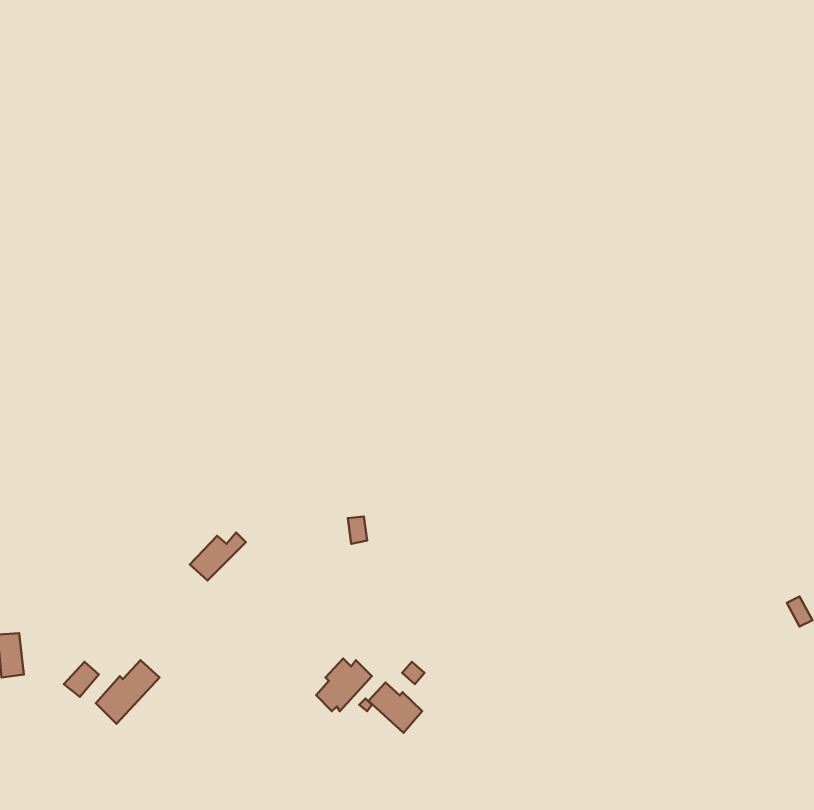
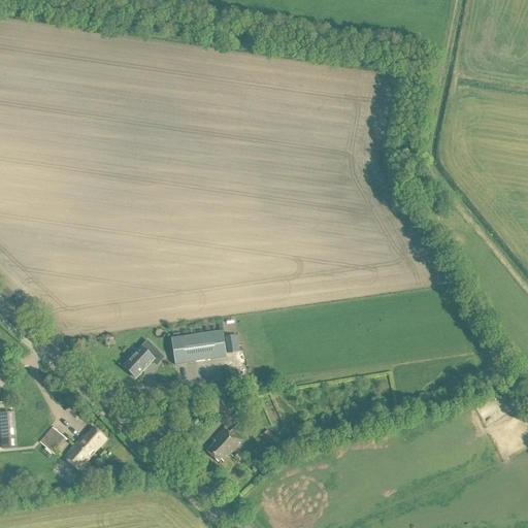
building: none -> [170,330,226,363]
building: [368,682,422,733] -> none

